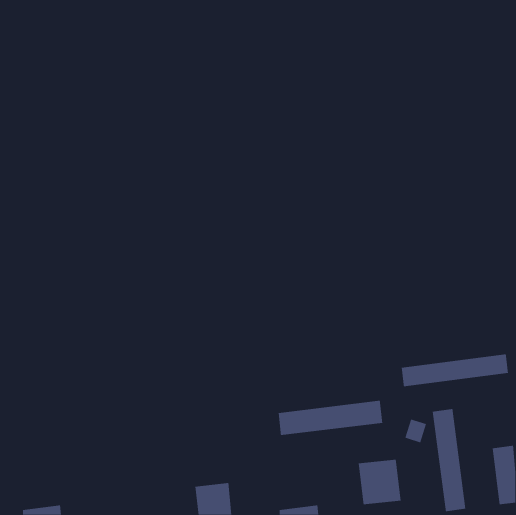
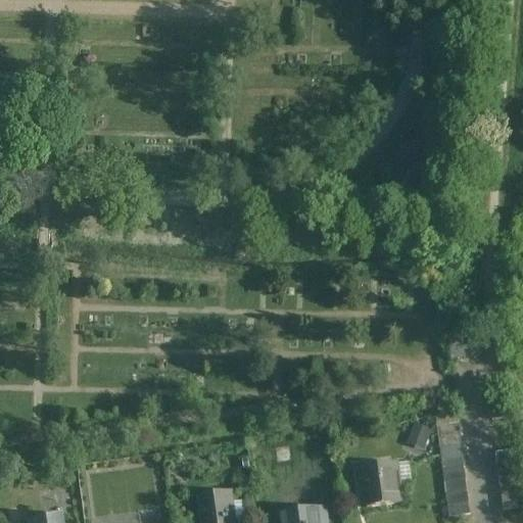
building: [401,353,509,387] -> none
building: [278,400,383,436] -> none

